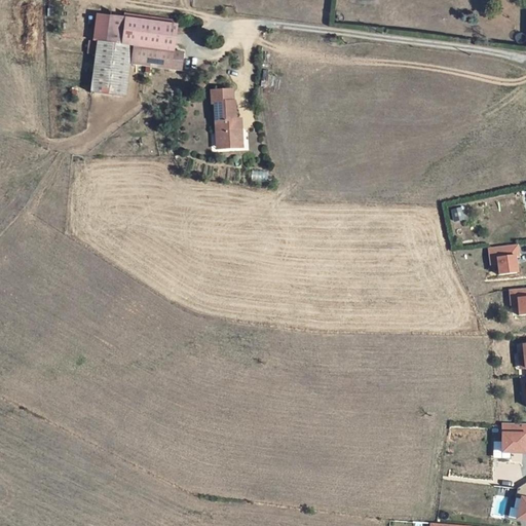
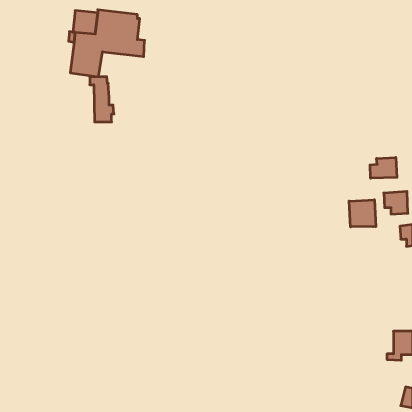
building: [211,93,241,151] -> [90,77,114,122]
building: none -> [370,157,397,178]
building: none -> [349,200,376,227]

